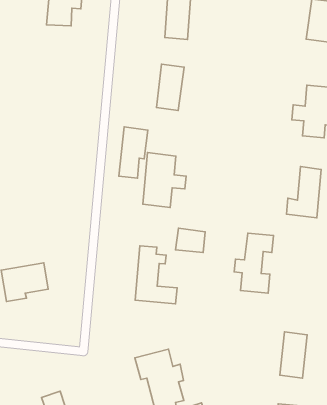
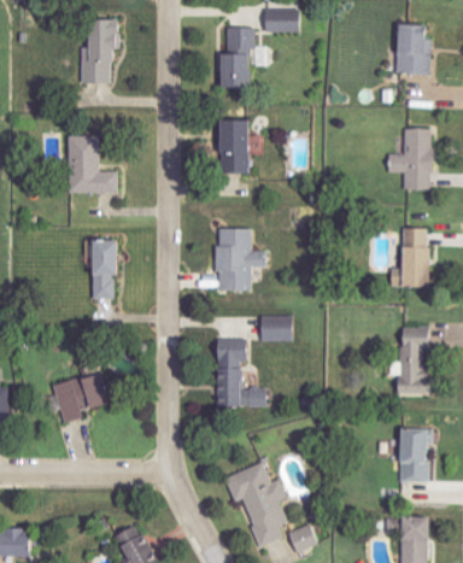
building: none -> [68,135,115,193]
building: [119,127,148,178] -> [89,239,119,299]
building: [234,233,273,293] -> [387,327,430,397]

